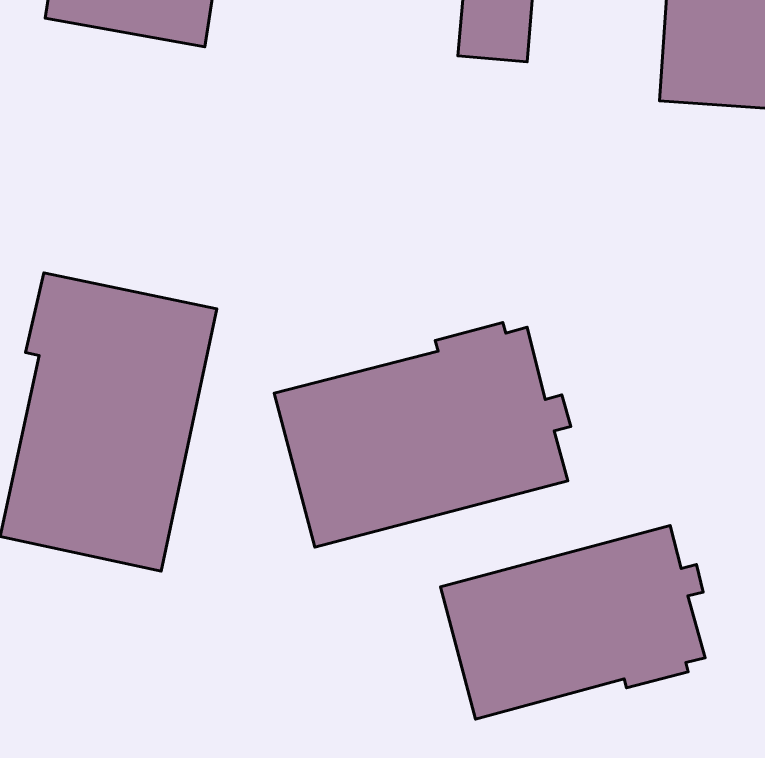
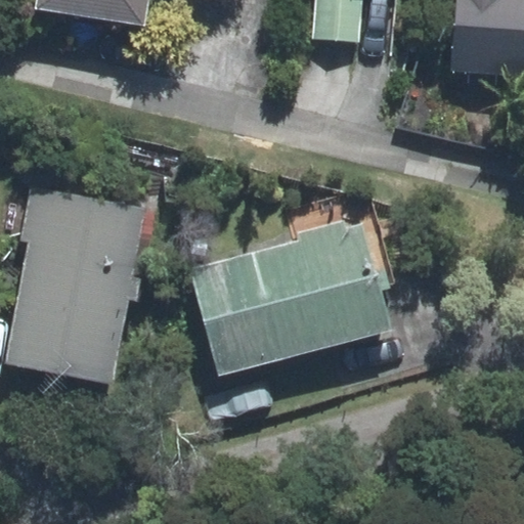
building: [441,525,705,719] -> none

